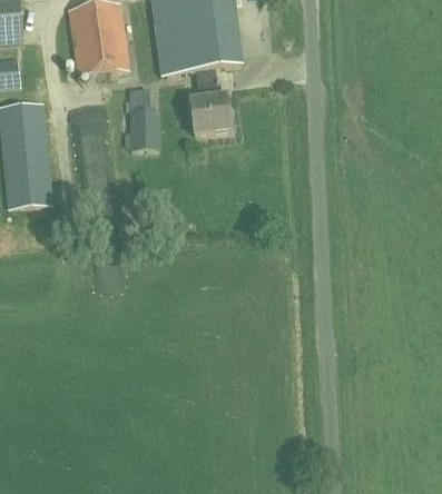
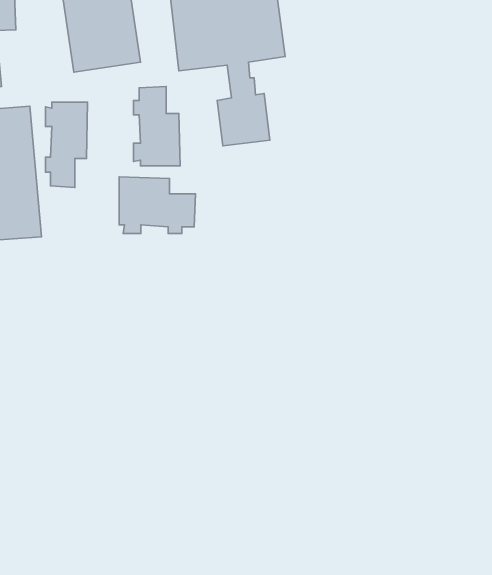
building: none -> [46,102,88,187]
building: none -> [119,177,195,234]

